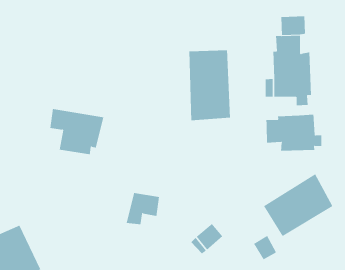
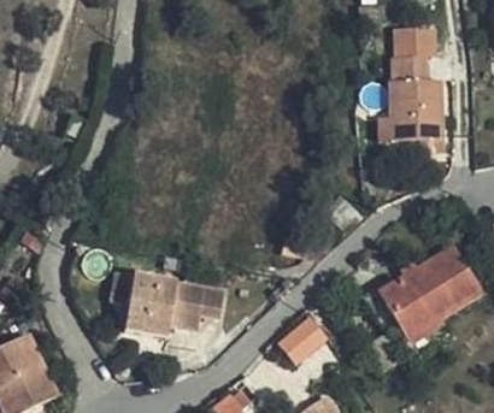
building: [189,50,230,121] -> none
building: [50,109,104,155] -> [114,267,192,332]
building: [266,114,322,151] -> none

